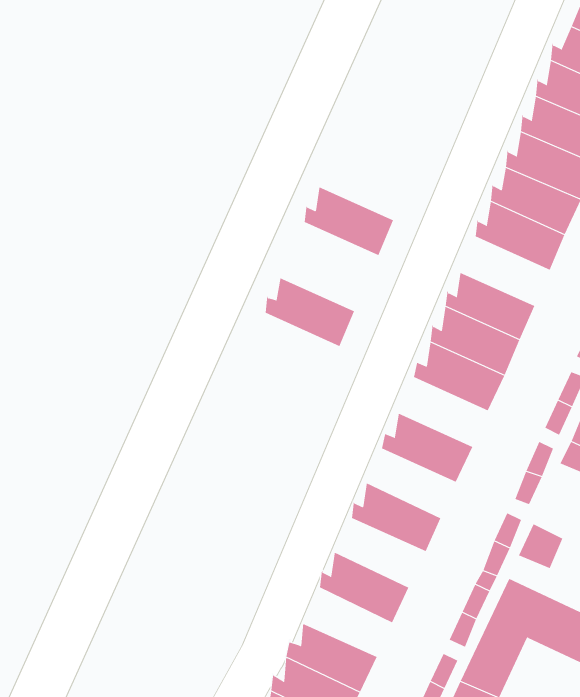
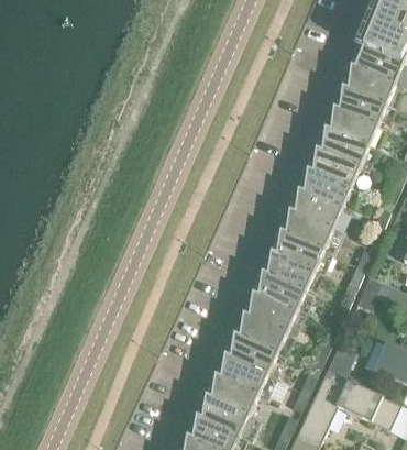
building: [304,186,394,256] -> [298,169,351,210]
building: [265,277,355,347] -> [262,252,315,293]
building: none -> [243,294,296,334]
building: none -> [224,334,278,375]
building: none -> [206,375,259,416]

